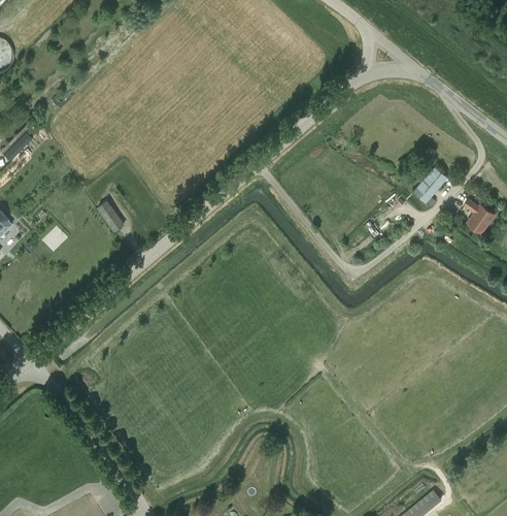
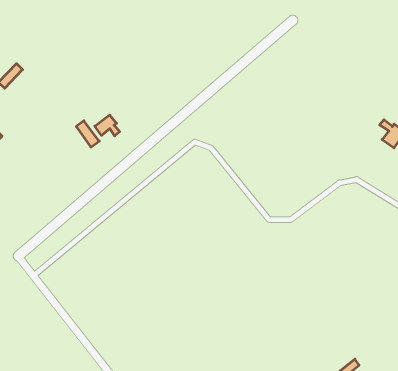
building: [413,166,447,202] -> none
building: none -> [95,115,120,136]

